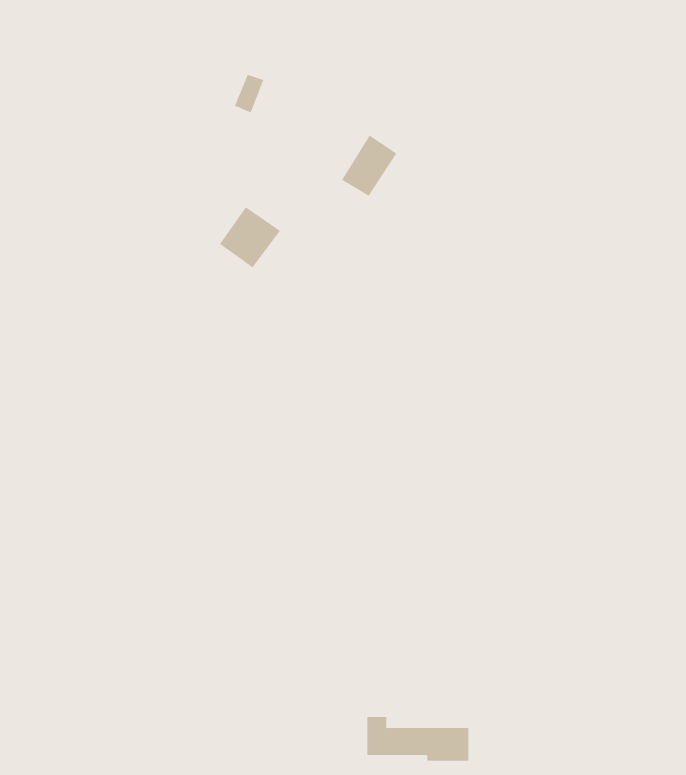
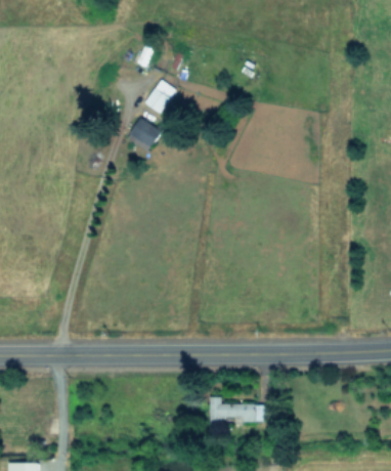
building: [341,135,397,197] -> [144,79,175,113]

